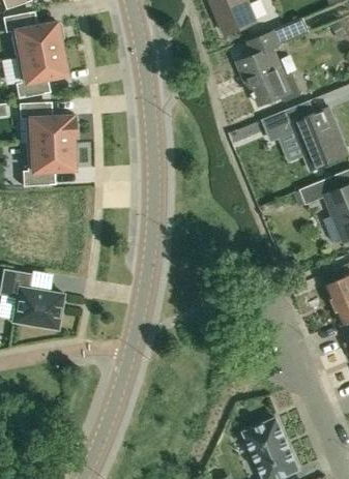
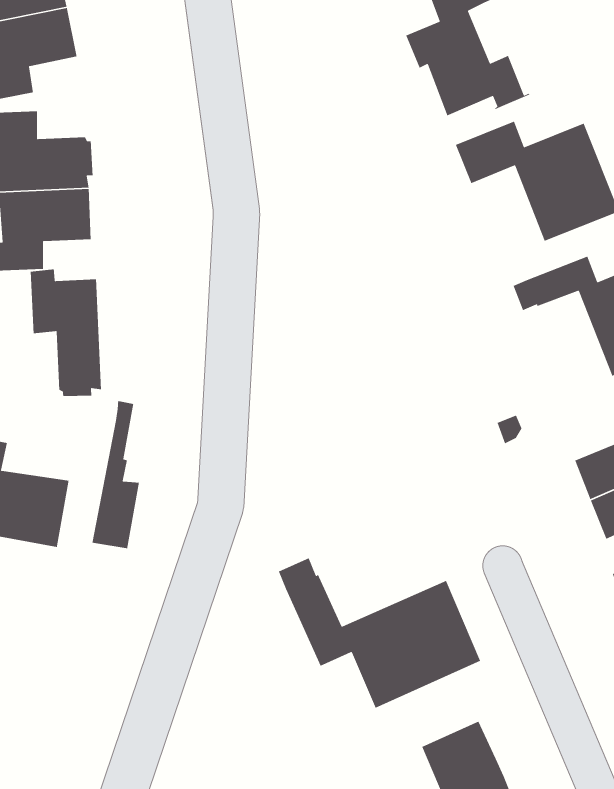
building: none -> [30,268,102,397]
building: none -> [91,400,140,549]
building: none -> [278,557,481,709]

